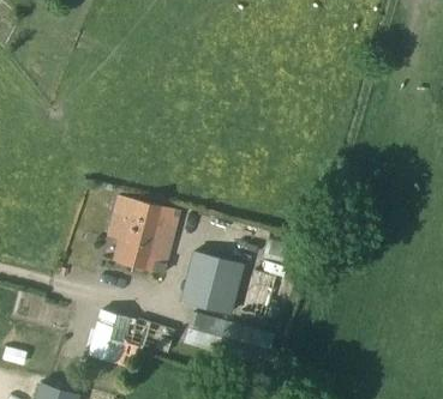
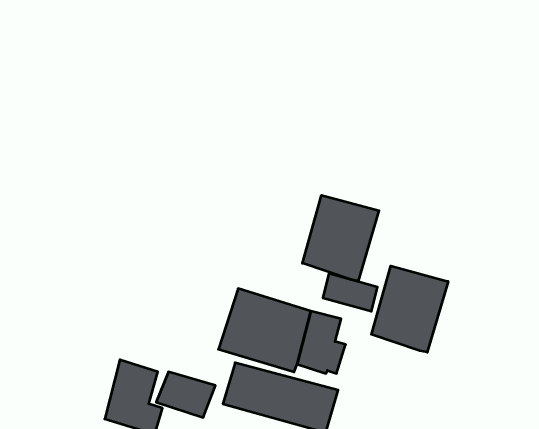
building: none -> [302,195,379,281]
building: [106,195,178,273] -> none
building: none -> [371,266,448,352]

